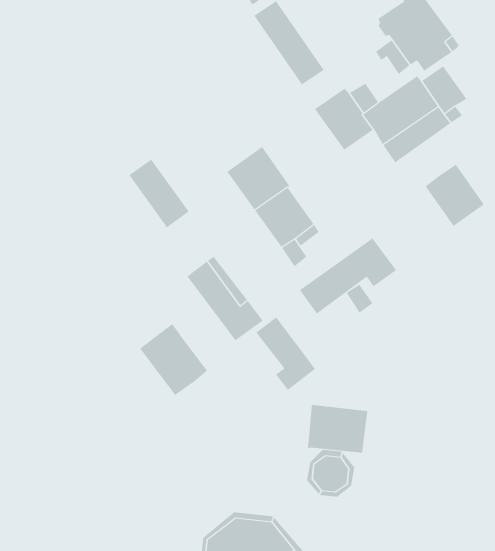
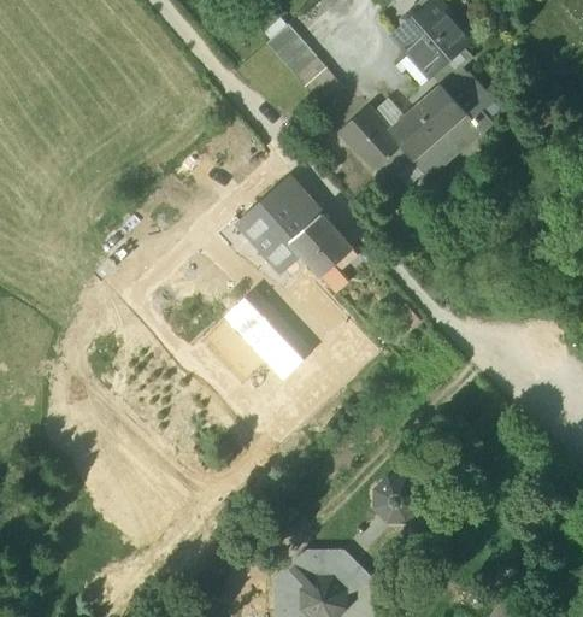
building: [128,159,190,228] -> [234,205,300,274]
building: [425,164,484,227] -> none
building: [299,237,397,314] -> none
building: [255,317,316,391] -> none
building: [139,323,208,396] -> none
building: [308,404,368,454] -> none

